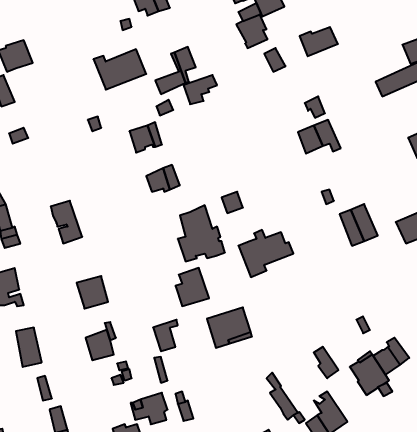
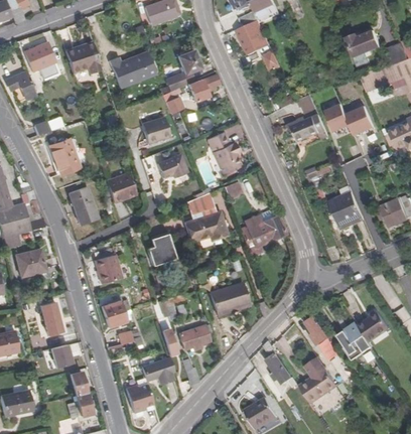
building: [300,27,338,56] -> [347,30,381,56]
building: none -> [64,41,102,76]
building: none -> [325,103,375,136]
building: none -> [205,133,239,175]
building: none -> [48,140,78,175]
building: none -> [106,177,137,209]
building: [175,268,209,306] -> [145,232,175,266]
building: none -> [178,325,210,348]

